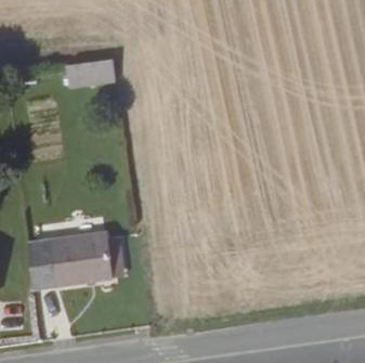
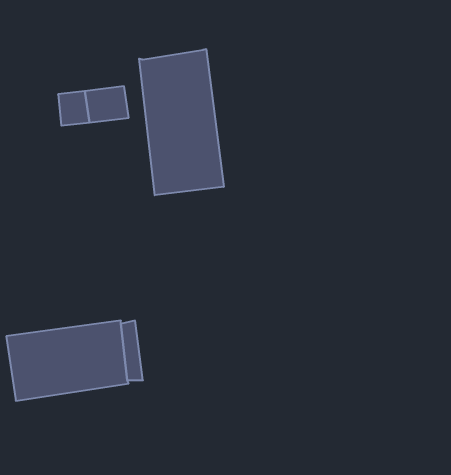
building: none -> [139,49,224,195]

